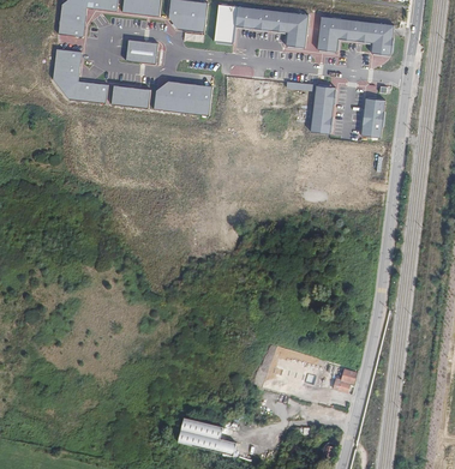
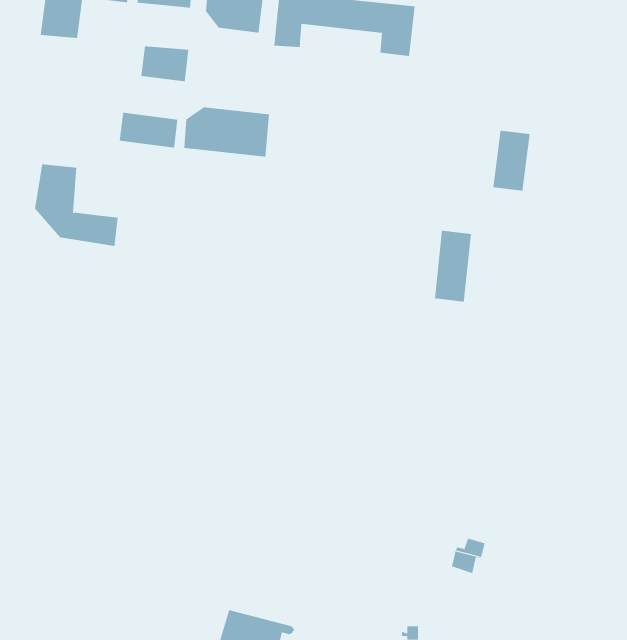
building: [316,16,393,54] -> none
building: [52,48,108,103] -> [34,164,119,246]
building: [310,84,335,132] -> [434,230,472,302]

